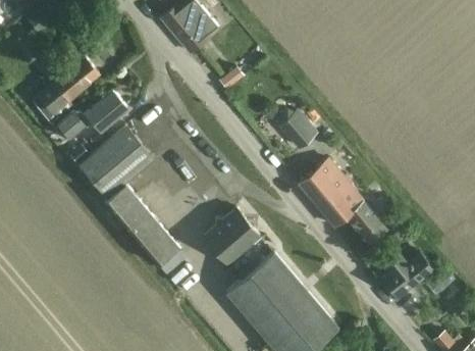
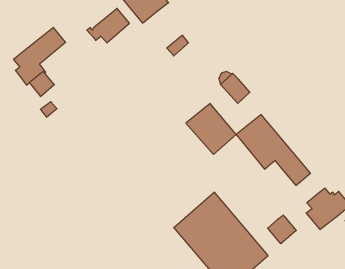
building: [77,91,127,132] -> [87,8,129,43]
building: [80,127,179,264] -> none
building: [209,210,268,270] -> [186,103,236,154]
building: none -> [268,215,296,244]

